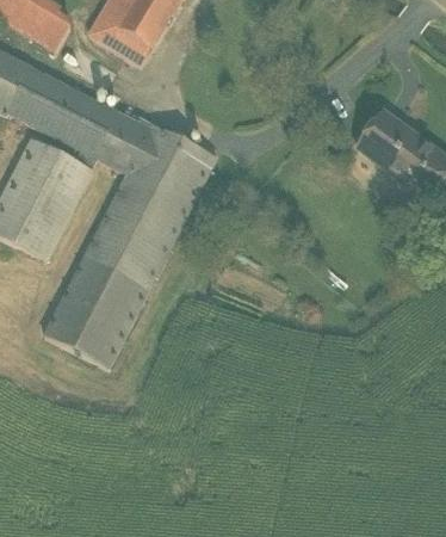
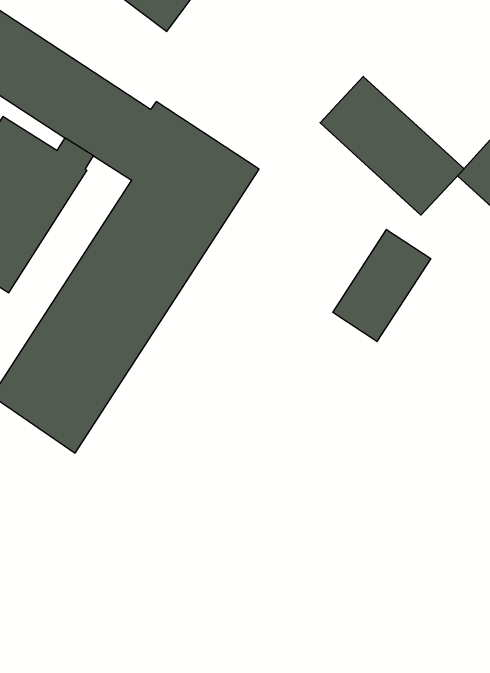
building: none -> [320,76,464,215]
building: none -> [333,229,431,342]

